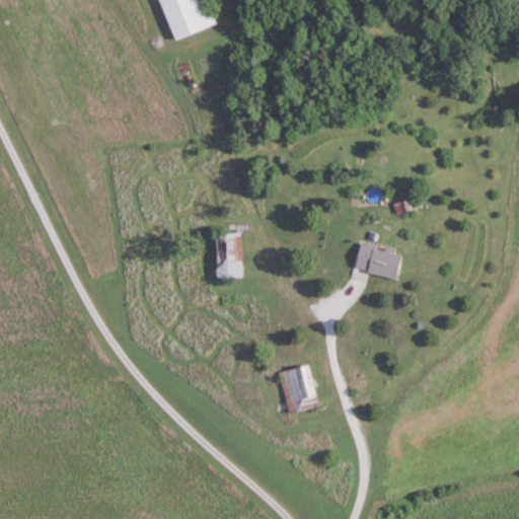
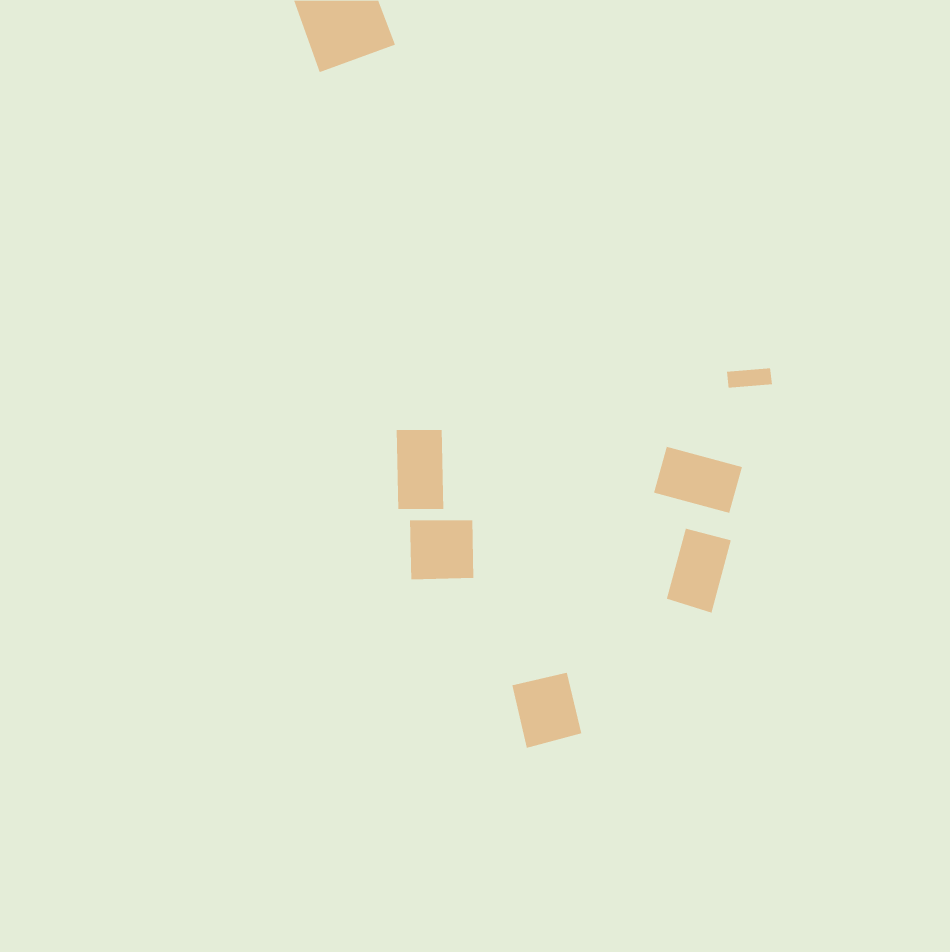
building: none -> [409,519,474,580]
building: none -> [666,528,731,613]

